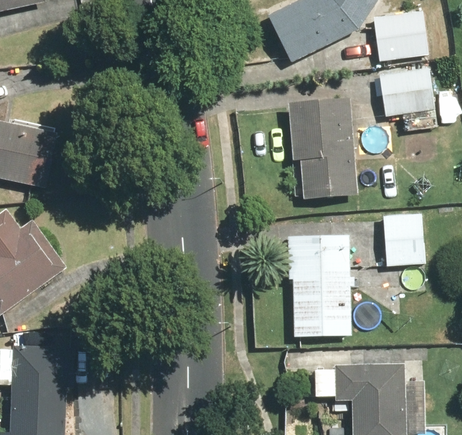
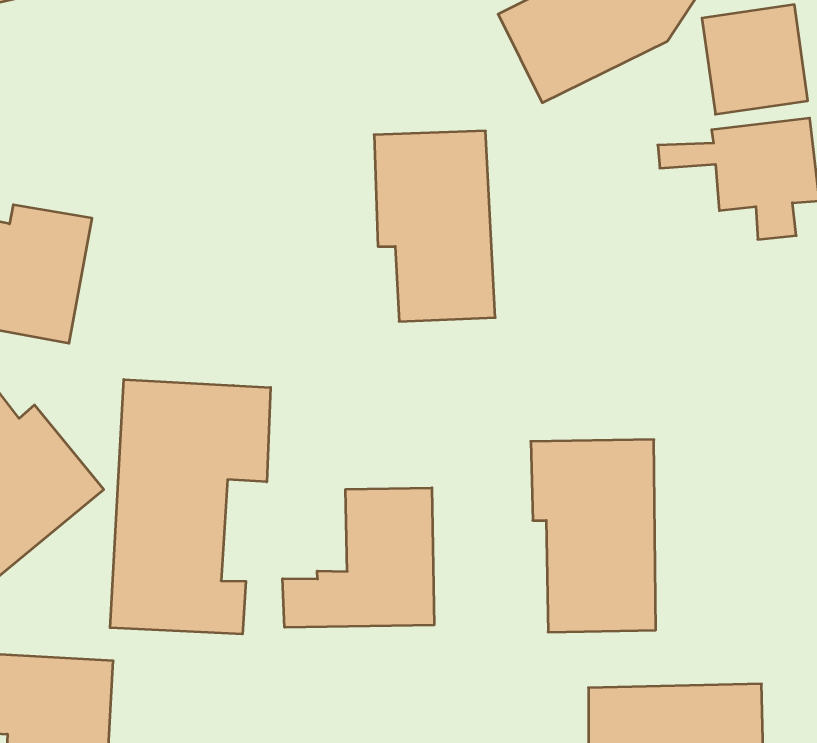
building: [291,100,354,199] -> [374,131,495,321]
building: none -> [110,379,271,634]
building: [385,212,426,265] -> none
building: none -> [283,488,434,627]

